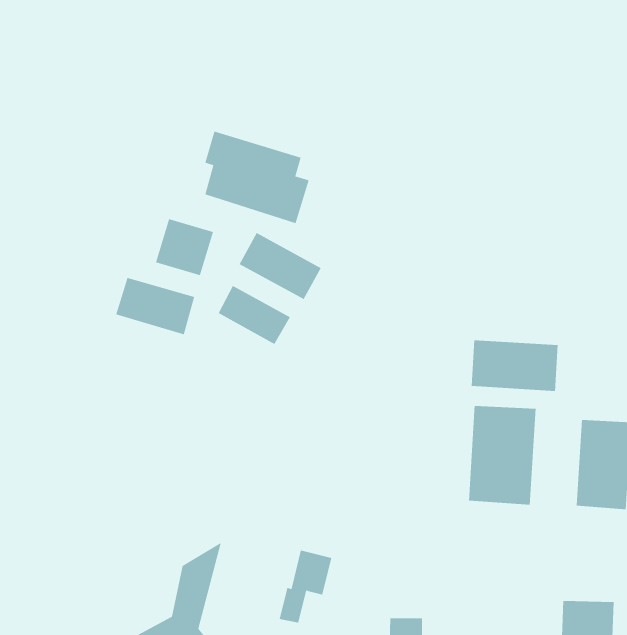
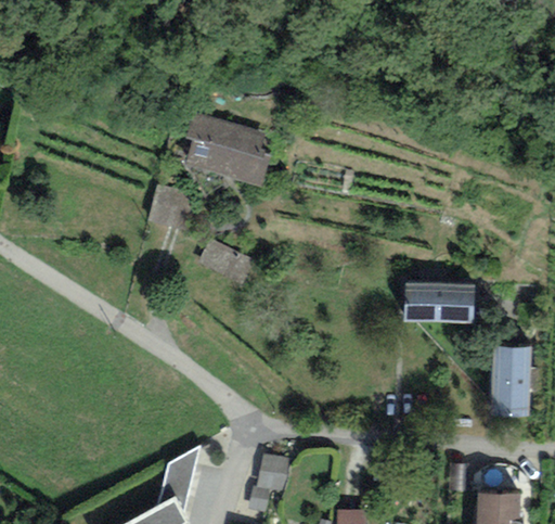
building: [239,232,322,300] -> none
building: [115,277,195,335] -> none
building: [468,405,536,505] -> none

